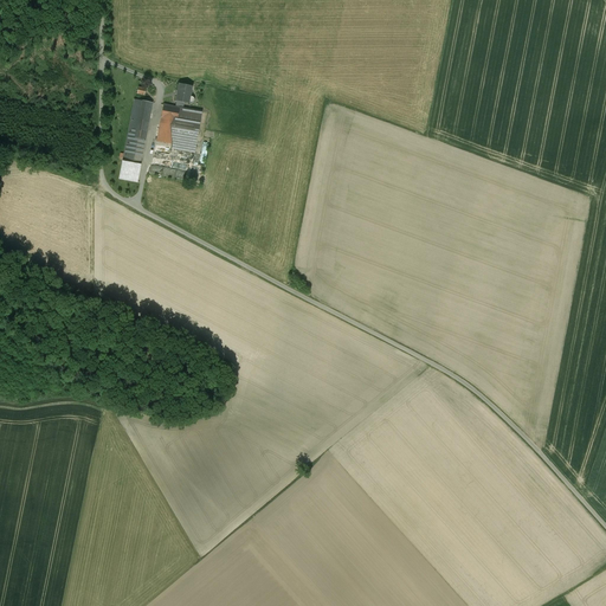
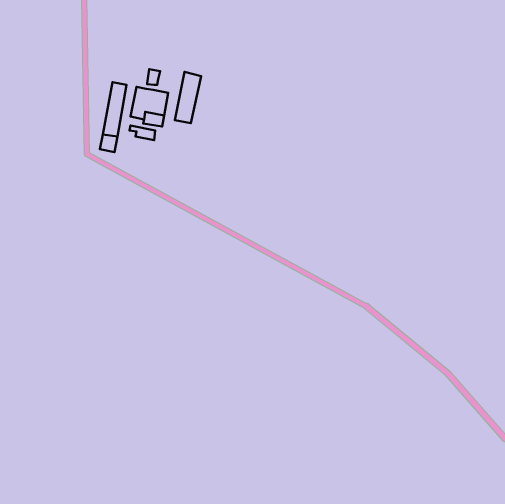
building: none -> [175,72,201,123]

